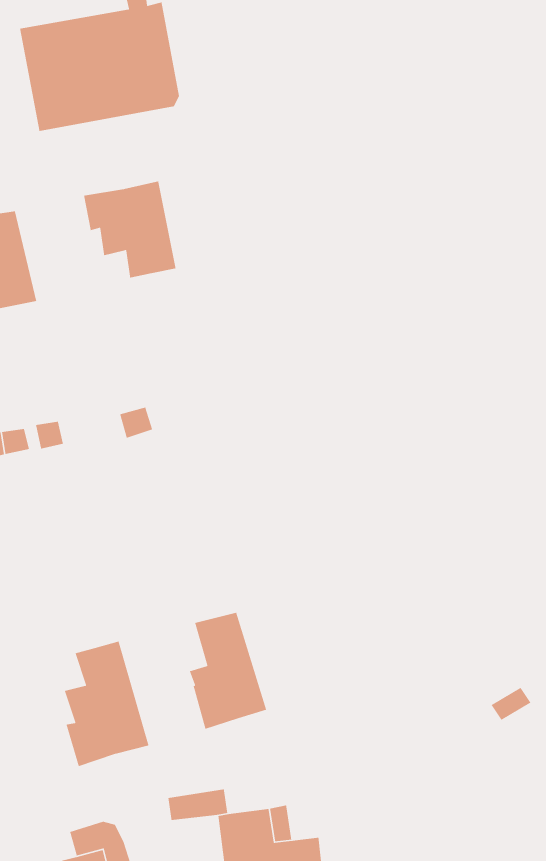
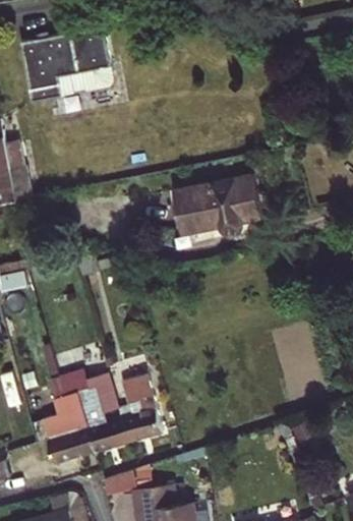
building: [83,181,176,279] -> none
building: none -> [173,175,261,233]
building: none -> [59,370,127,451]

